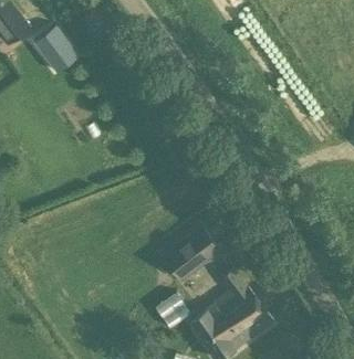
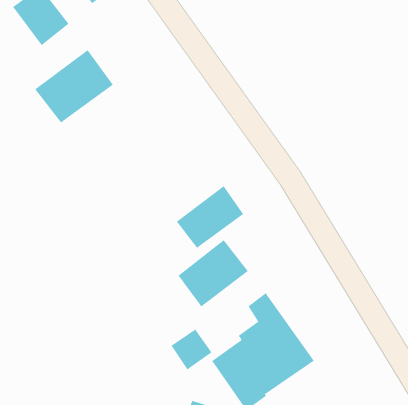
building: none -> [34,49,114,123]
building: none -> [176,185,244,249]

